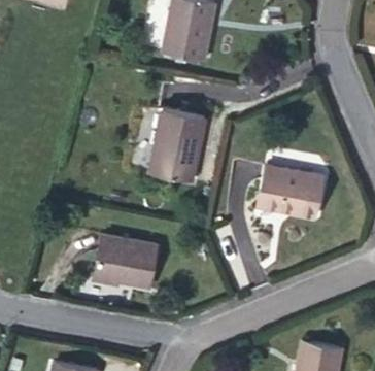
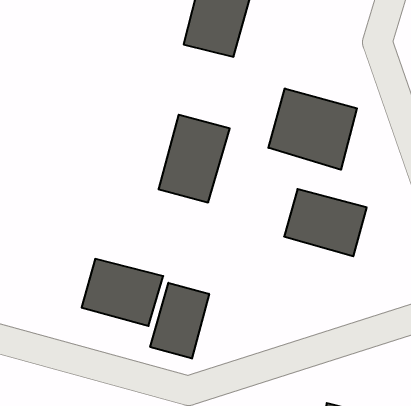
building: none -> [268,88,357,170]
building: none -> [150,283,209,359]

